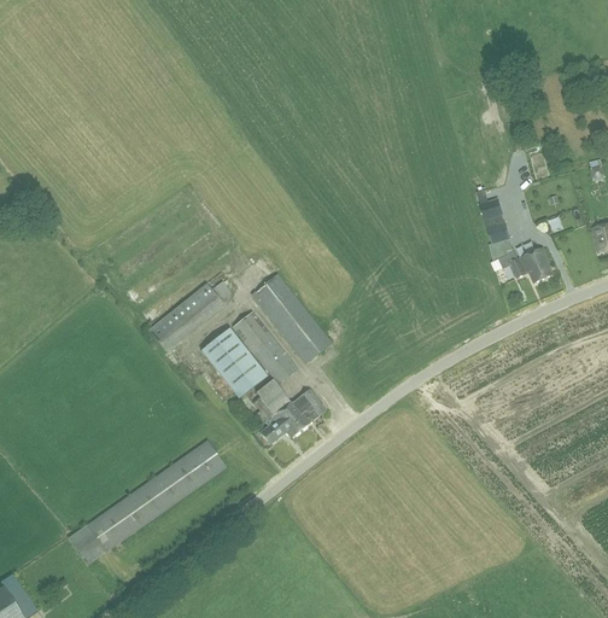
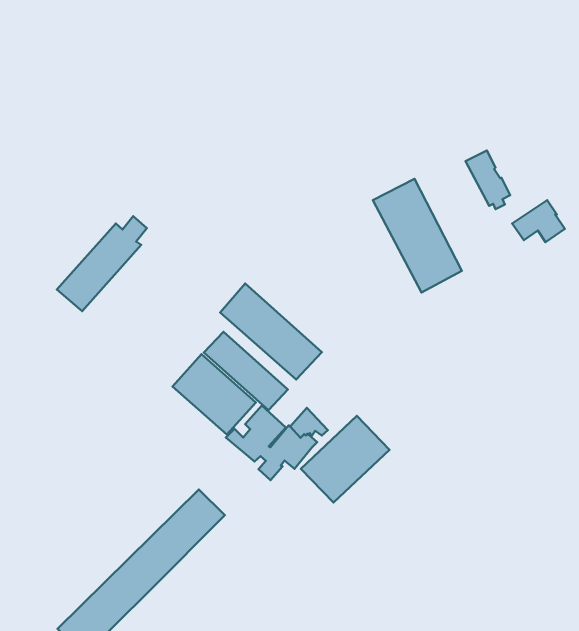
building: none -> [373,179,462,293]
building: [147,279,232,351] -> [57,216,147,311]
building: none -> [301,416,389,503]

